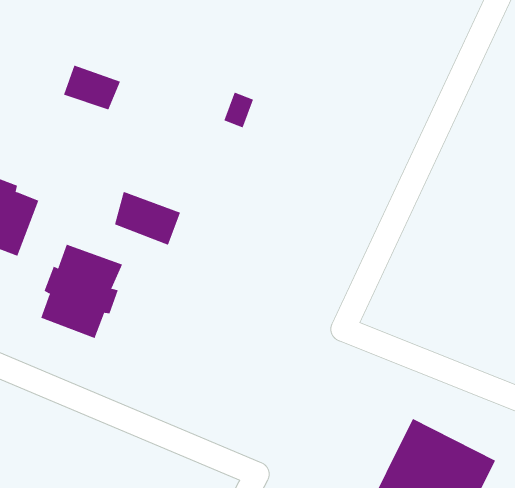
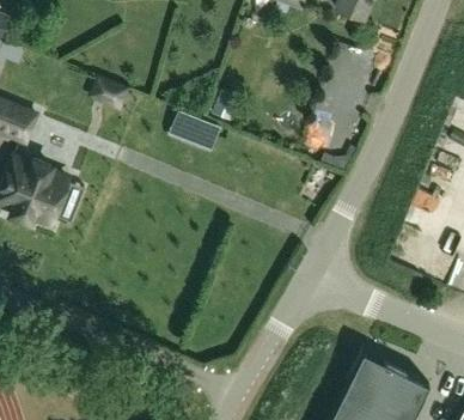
building: [114,191,181,246] -> [170,106,222,150]
building: [41,244,123,339] -> none

